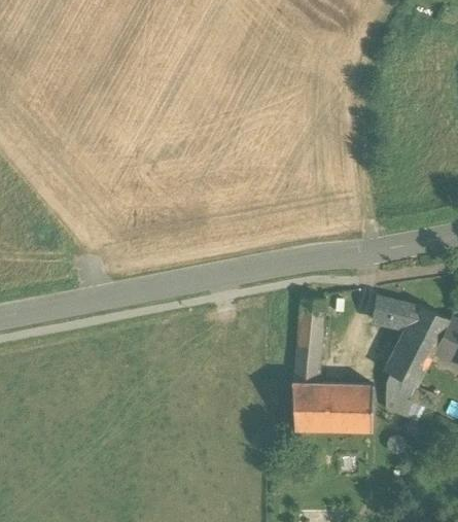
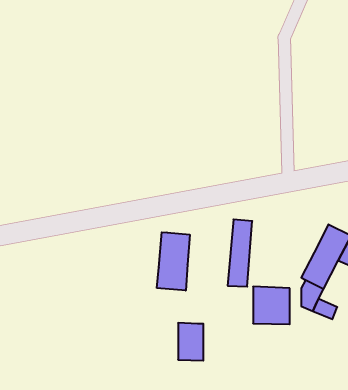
building: [371,295,419,330] -> none
building: none -> [157,232,190,291]
building: [292,383,324,430] -> [178,323,203,361]

